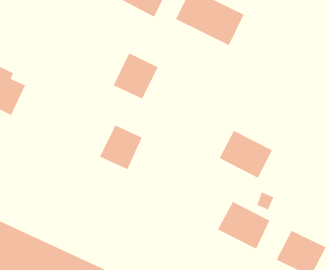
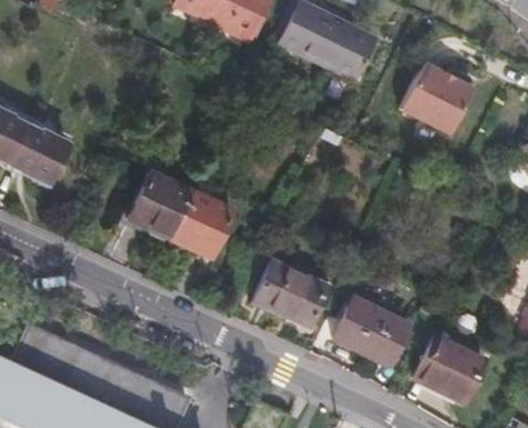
building: none -> [404,59,475,130]
building: [113,53,159,99] -> [130,173,193,238]
building: [219,130,273,178] -> [255,261,329,328]

